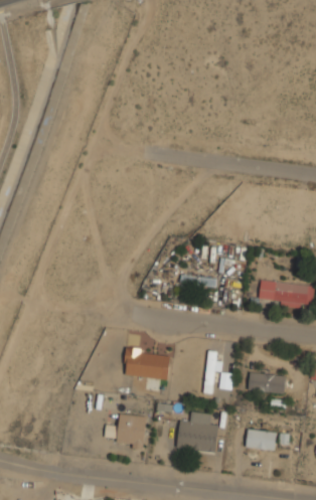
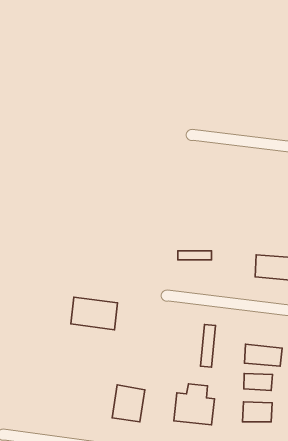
building: [124,347,171,380] -> [71,297,117,330]
building: none -> [244,373,272,390]

